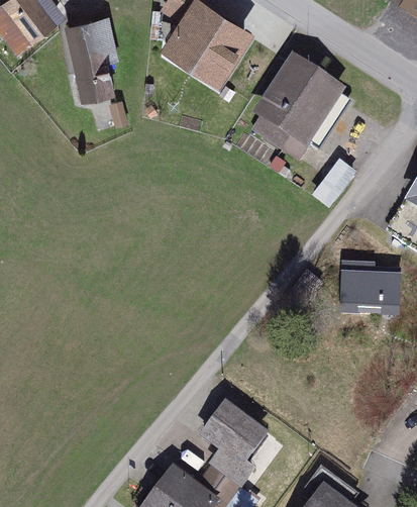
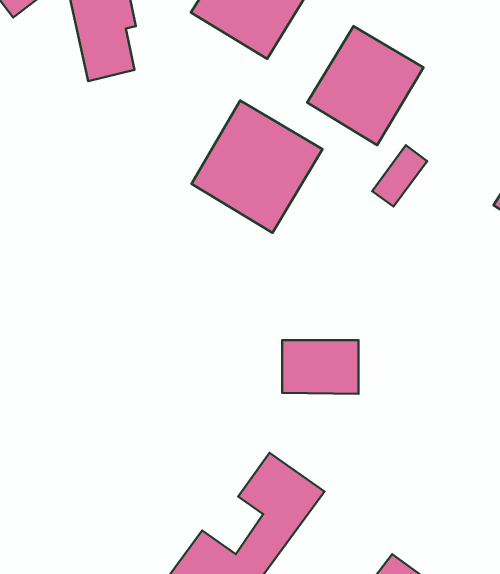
building: none -> [192,101,323,233]
building: [340,265,402,308] -> [282,340,359,394]

